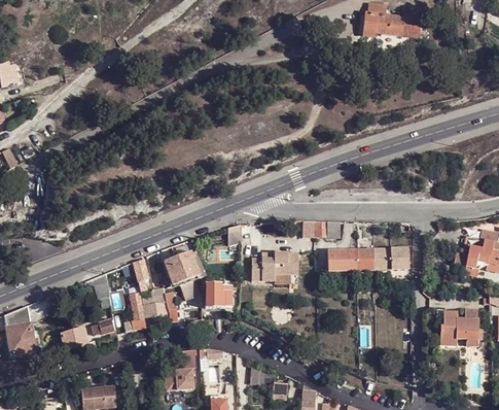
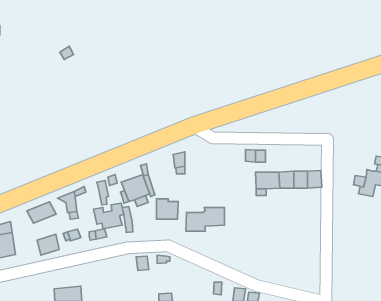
building: [252,251,299,280] -> [186,208,224,231]
building: none -> [27,202,56,223]
building: [438,312,476,342] -> none
building: [166,371,195,394] -> none

